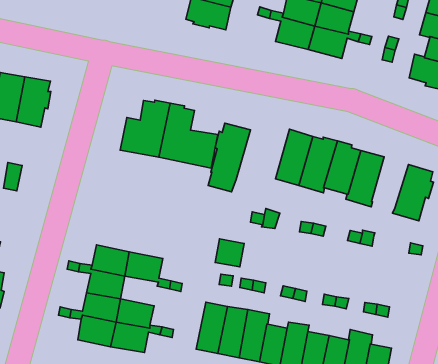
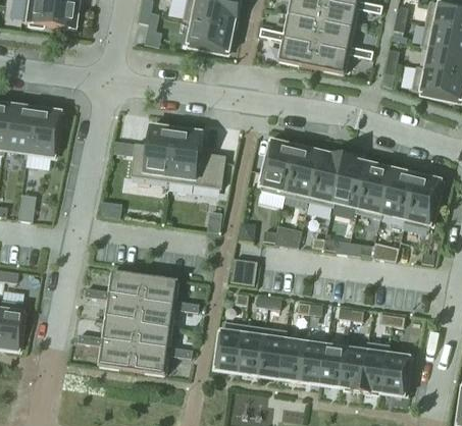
building: [208,123,250,192] -> [258,141,297,208]
building: none -> [381,168,416,218]
building: none -> [139,300,175,327]

